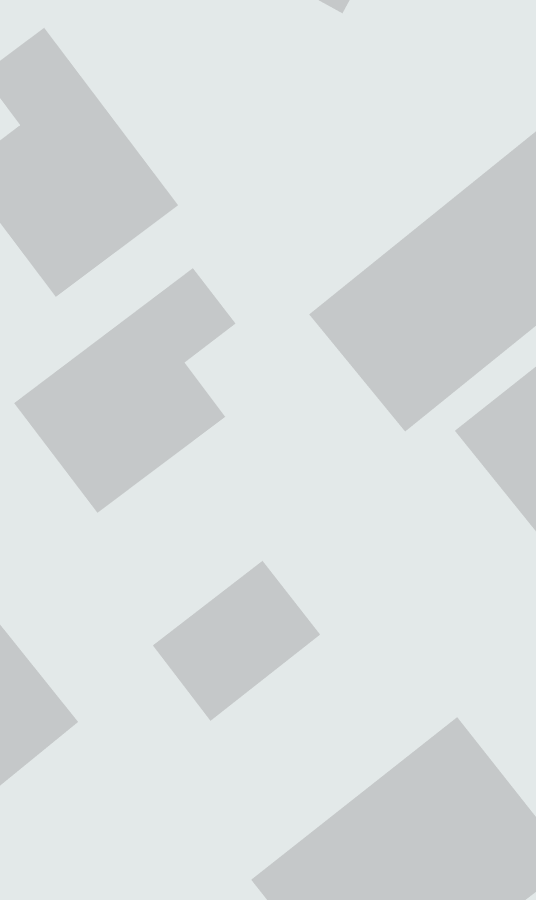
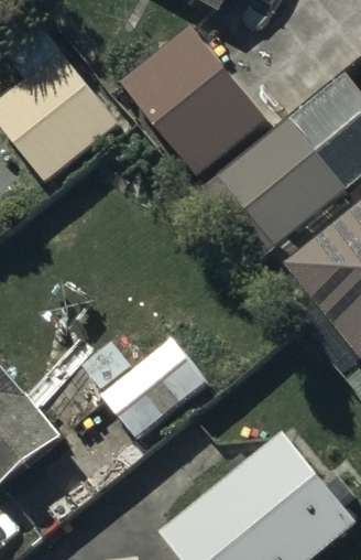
building: none -> [121,24,266,176]
building: [13,267,237,514] -> none

